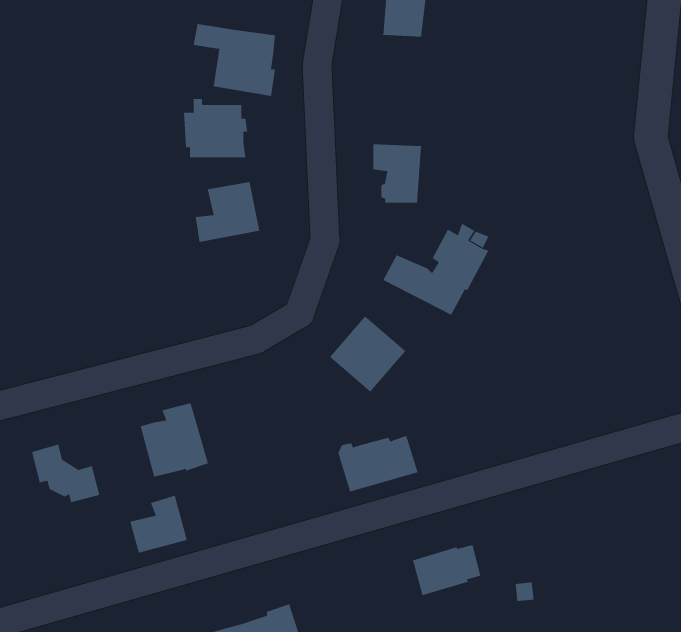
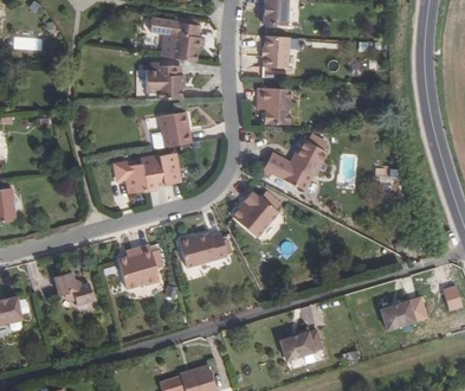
building: none -> [264,36,290,69]
building: none -> [115,152,181,192]
building: [338,435,419,492] -> [179,232,227,267]
building: none -> [382,299,425,329]
building: [129,495,187,553] -> none

